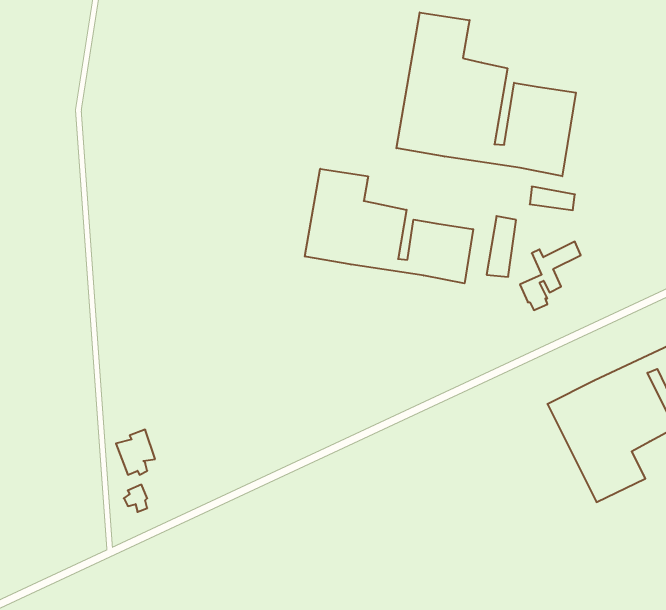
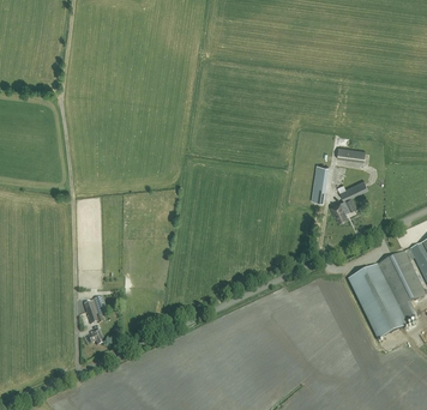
building: [396,12,576,176] -> none
building: [305,169,473,283] -> none

